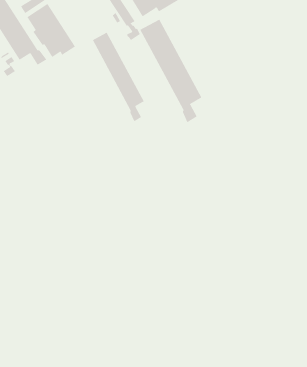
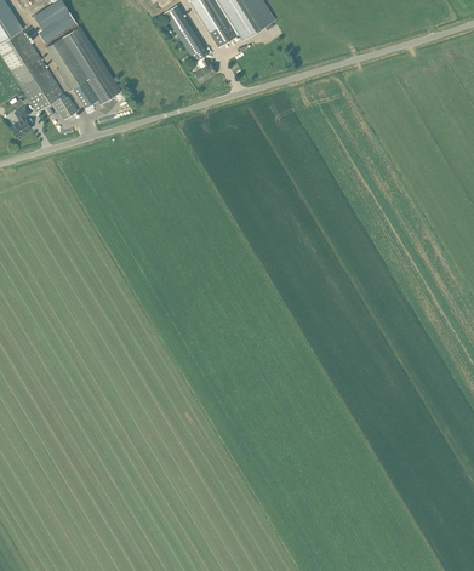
building: [140,19,202,123] -> none
building: [92,32,144,122] -> none

